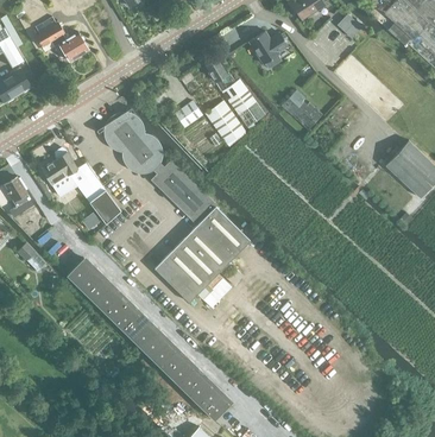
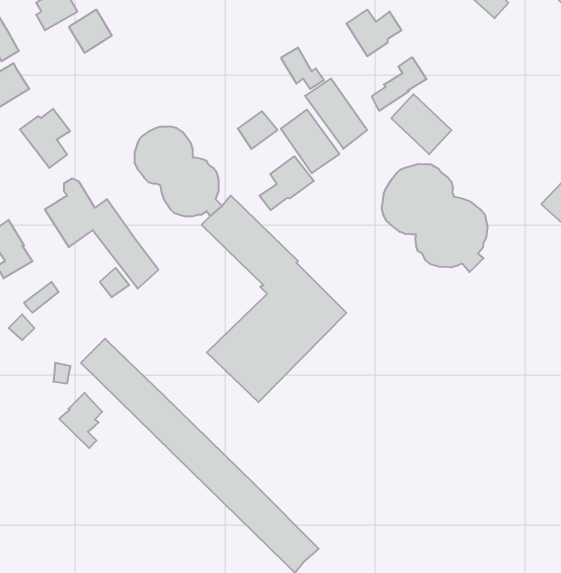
building: none -> [372,57,427,111]
building: none -> [20,109,70,168]
building: none -> [259,156,314,210]
building: none -> [382,164,487,272]
building: none -> [59,393,102,448]

